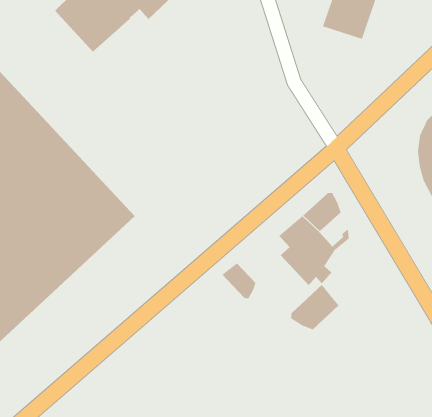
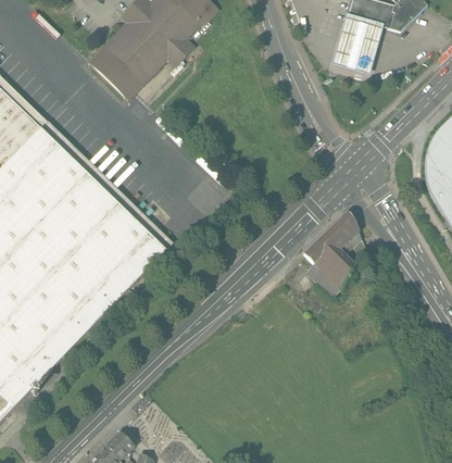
building: [221,262,256,299] -> none
building: [291,284,339,330] -> none

